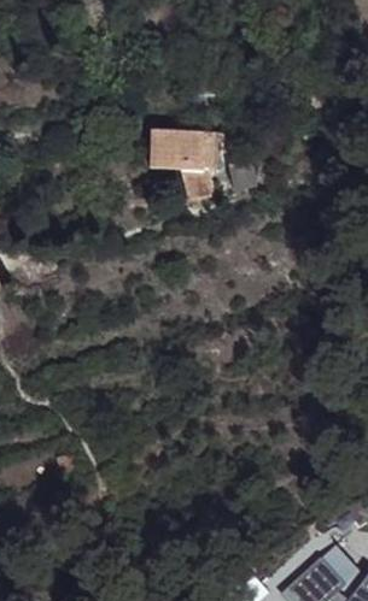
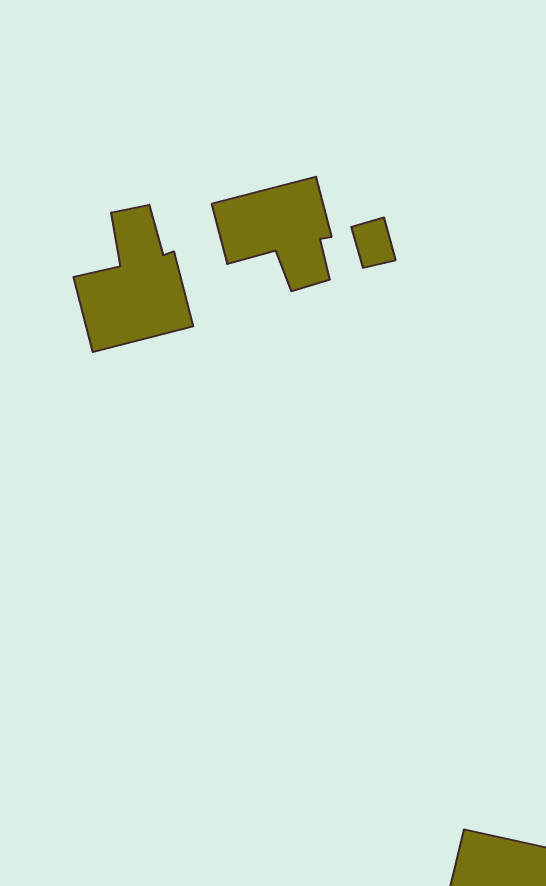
building: none -> [73,205,193,352]

